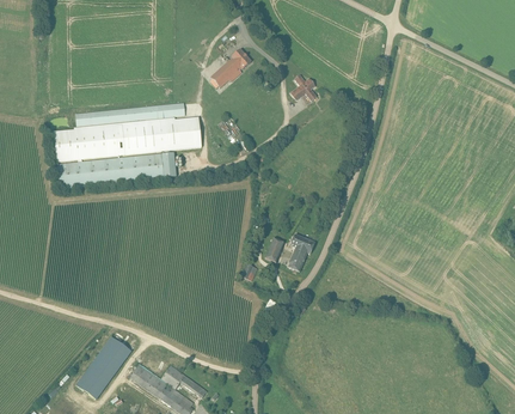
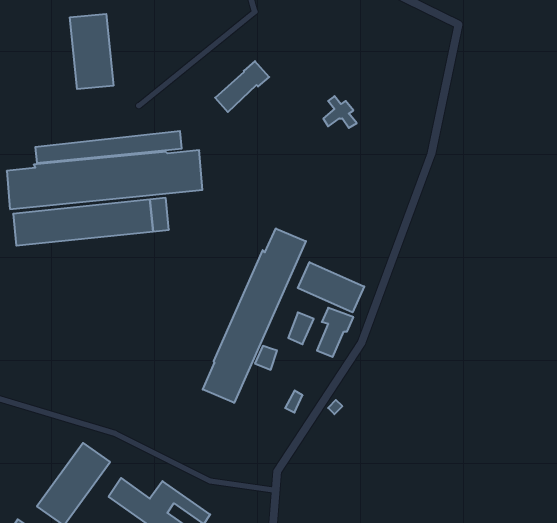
building: none -> [70,14,113,89]
building: none -> [203,228,306,403]
building: none -> [298,262,364,312]

